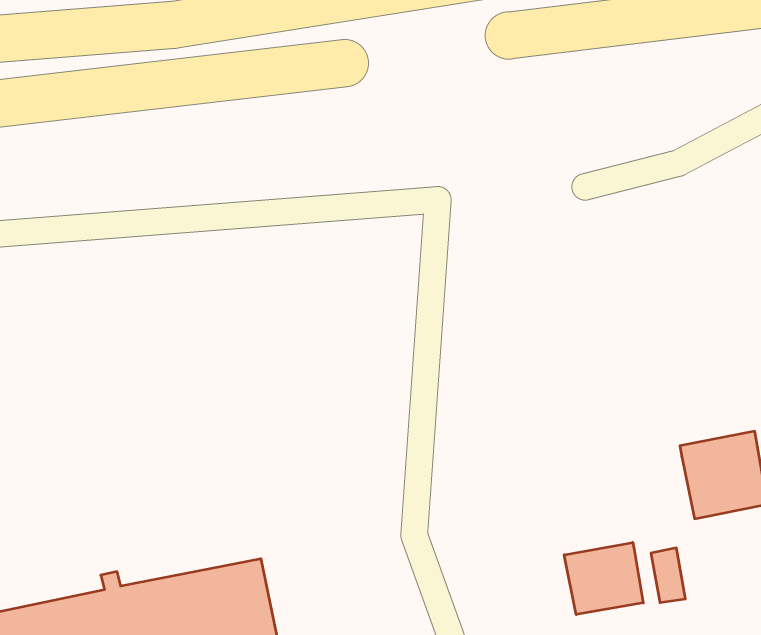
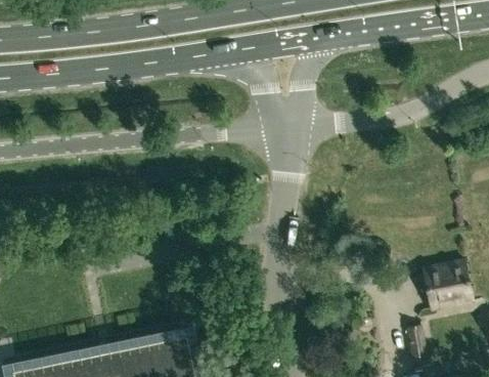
building: [564,542,643,615] -> none

